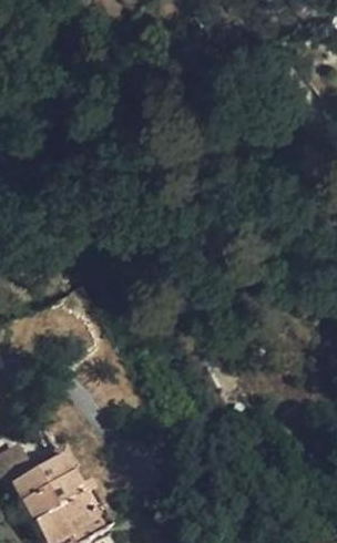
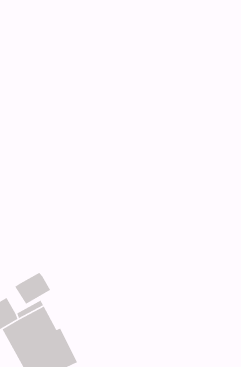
building: none -> [14,272,51,305]

